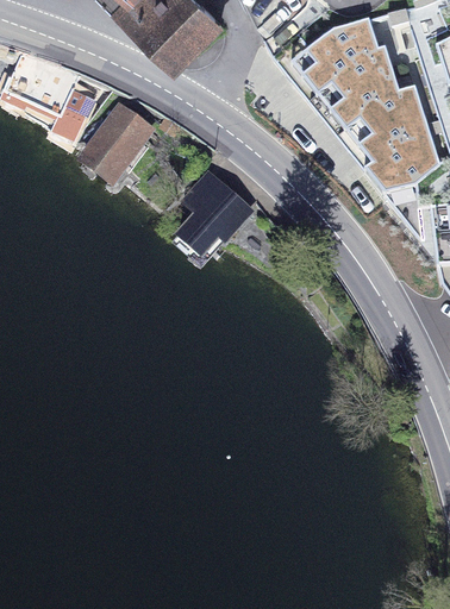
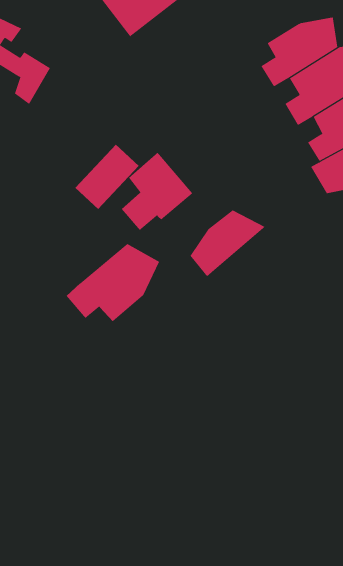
building: [86,109,148,177] -> [75,144,139,210]
building: none -> [190,209,266,277]
building: none -> [66,243,160,322]

